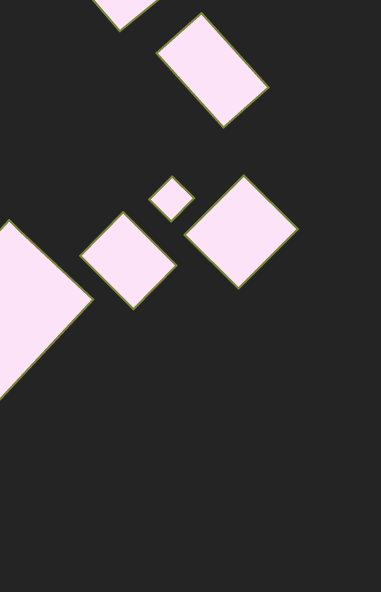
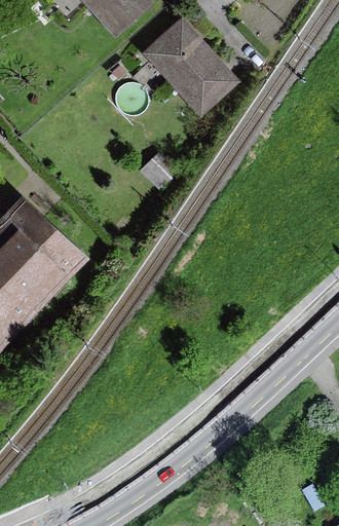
building: [184,176,298,289] -> none
building: [80,212,177,309] -> none

